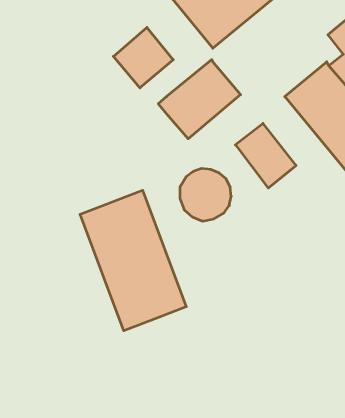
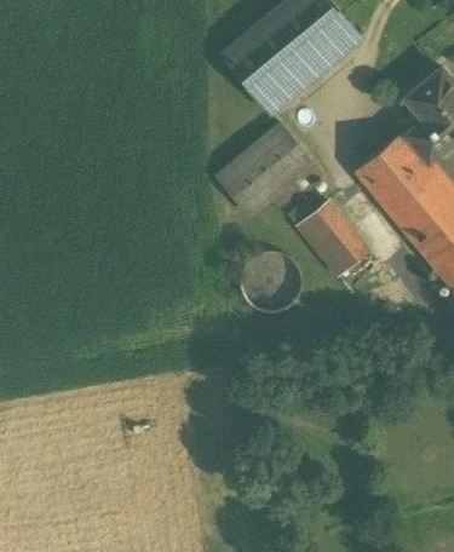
building: [113,27,173,88] -> none
building: [80,190,186,331] -> none

